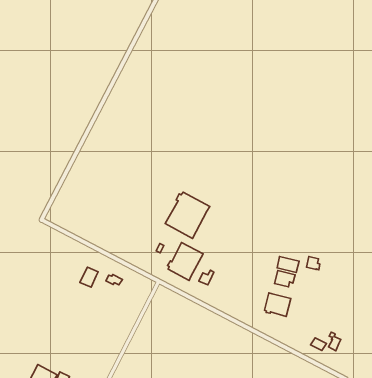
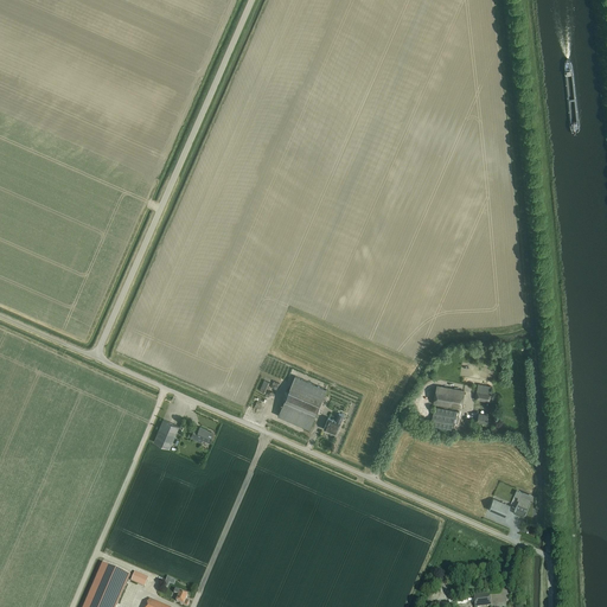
building: [165,192,210,238] -> none
building: [265,293,291,316] -> none

